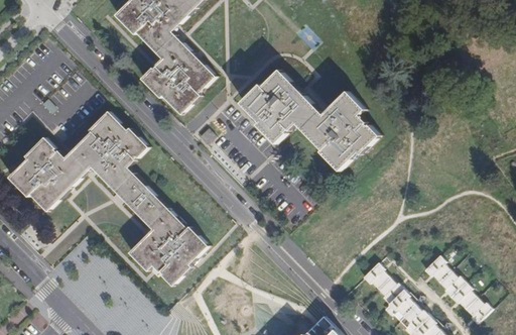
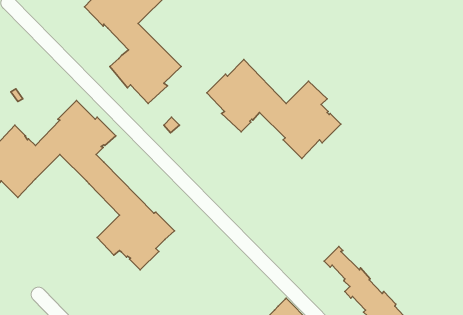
building: [423,254,491,323] -> none

